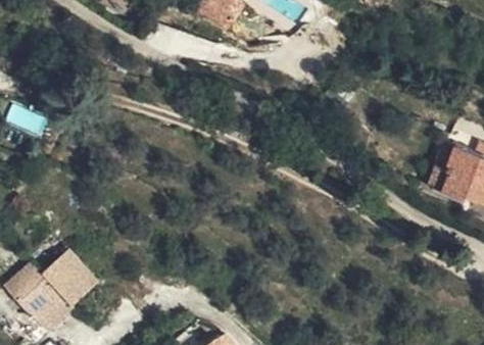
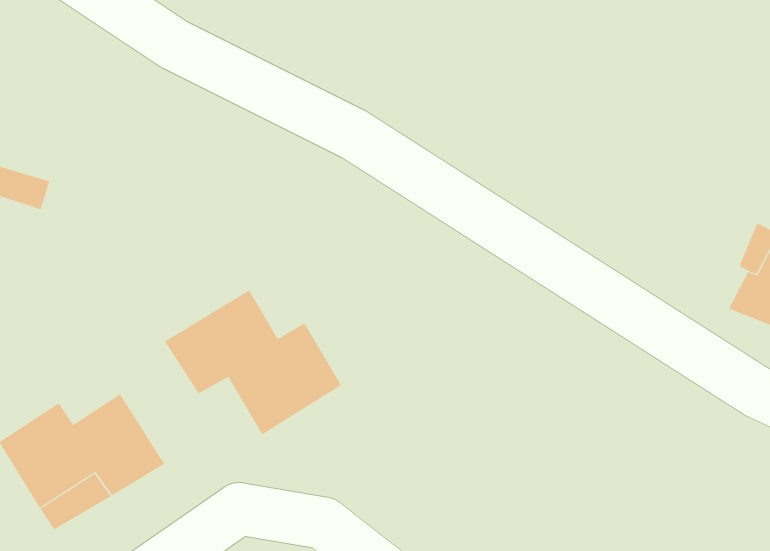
building: none -> [164,290,342,435]

